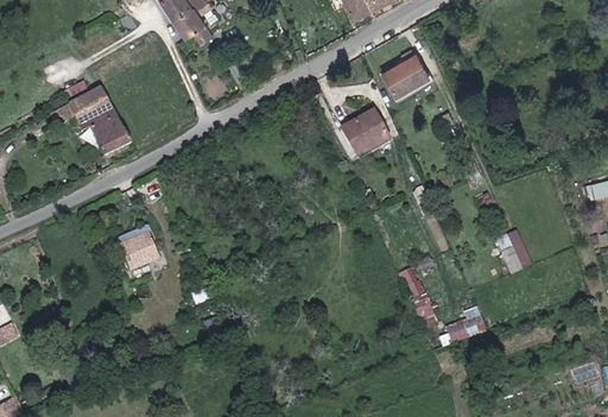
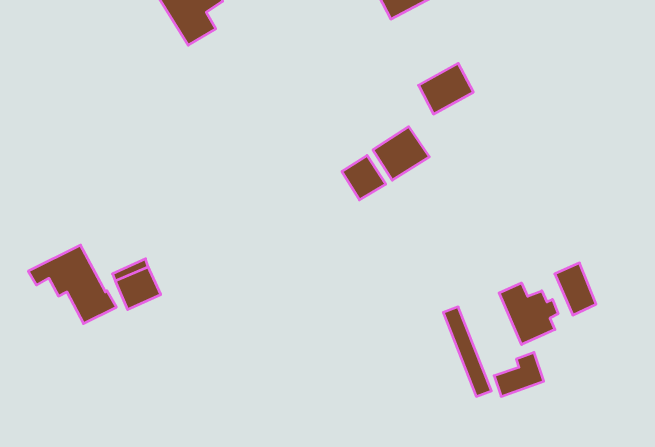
building: [55,87,131,154] -> [28,245,116,324]
building: none -> [342,155,386,200]
building: none -> [499,283,558,345]

